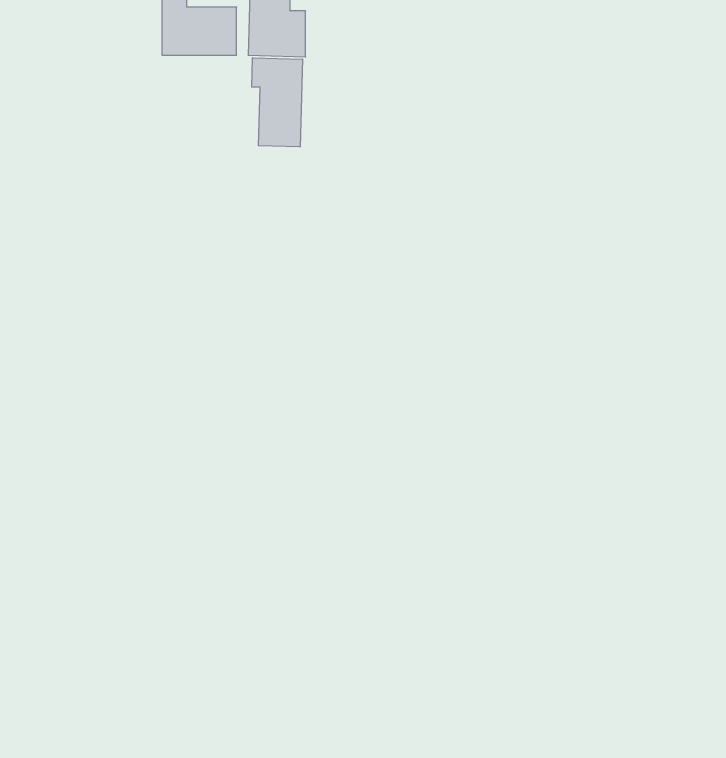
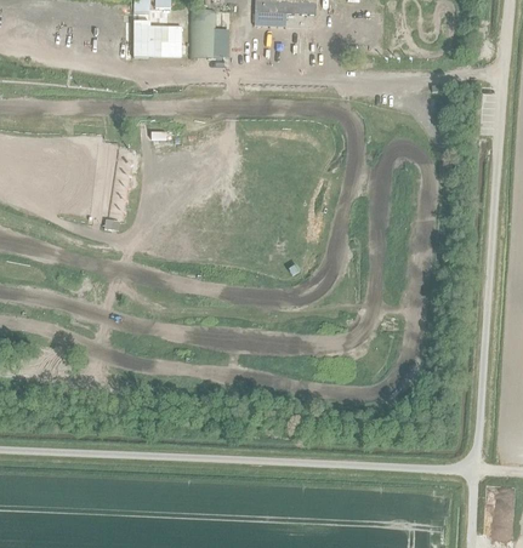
building: [252,58,302,147] -> none

